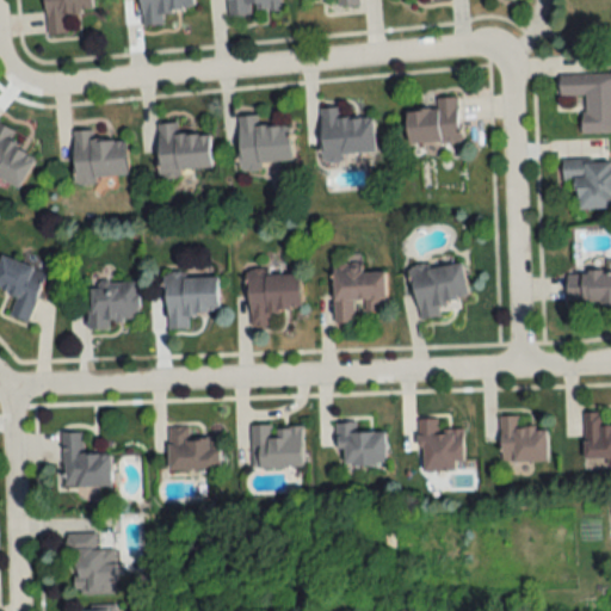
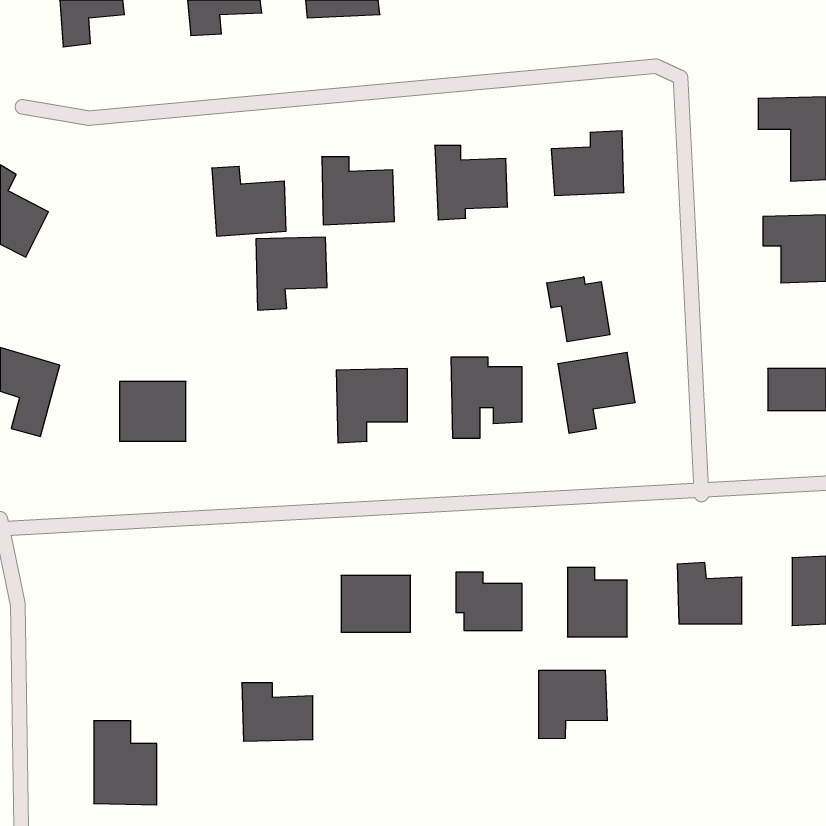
building: [73,130,128,181] -> none
building: none -> [547,277,610,342]
building: [166,276,218,329] -> [256,237,327,310]
building: [167,427,220,470] -> [242,683,313,741]
building: [62,432,111,487] -> none
building: none -> [539,670,607,739]

